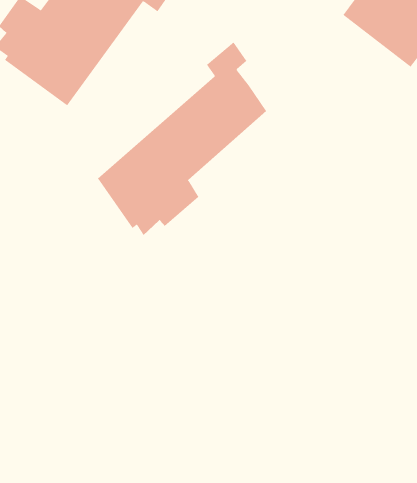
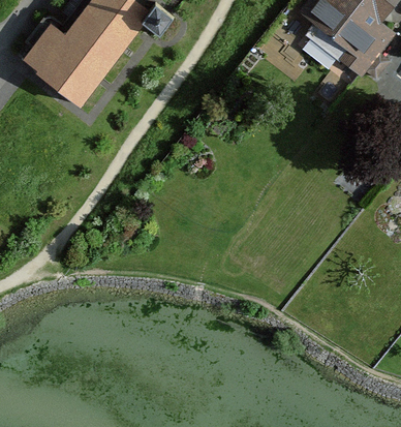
building: [97,42,267,236] -> none

